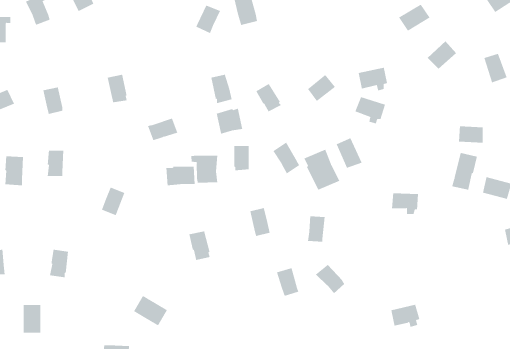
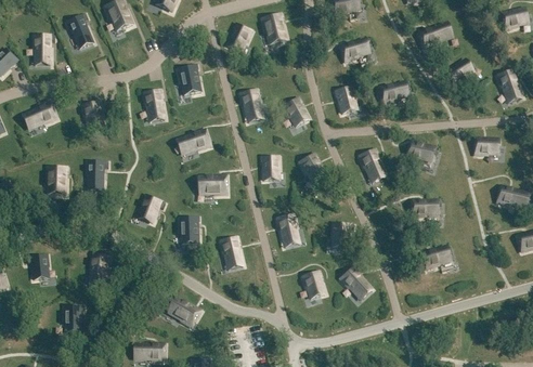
building: none -> [341,41,369,64]
building: none -> [179,65,200,95]
building: [355,97,386,124] -> [406,142,435,168]
building: [216,108,243,135] -> none
building: [304,149,340,190] -> none
building: [452,152,477,191] -> none
building: [191,155,218,184] -> none
building: none -> [180,218,198,245]
building: [390,304,420,327] -> [422,249,451,271]

